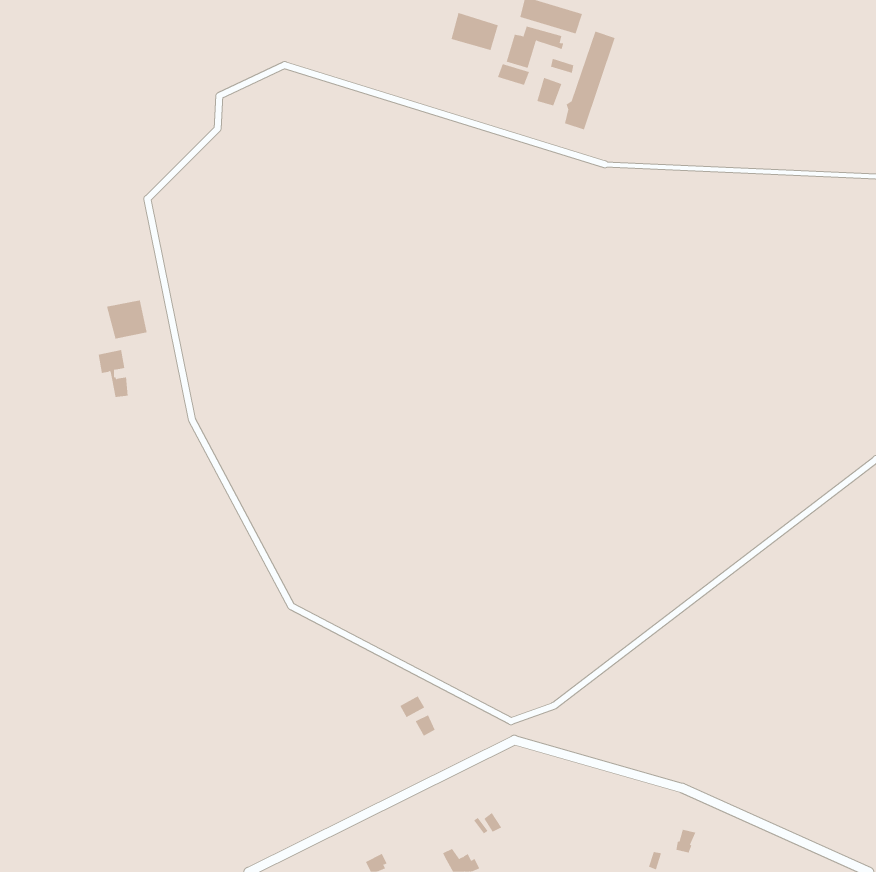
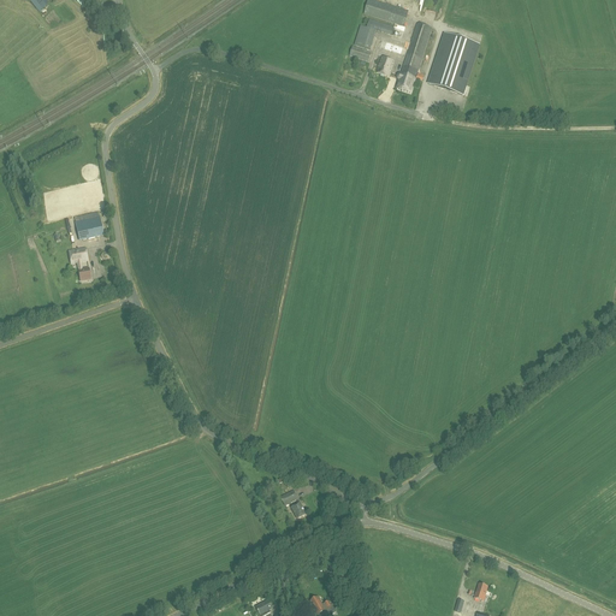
building: [451,12,498,51] -> none
building: none -> [427,31,480,94]

